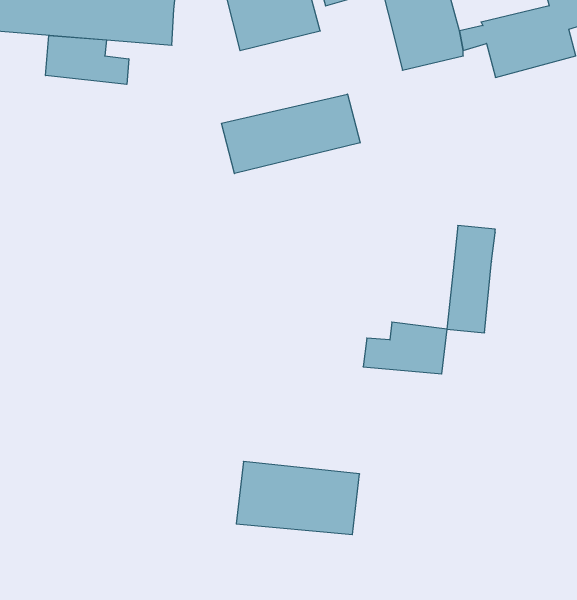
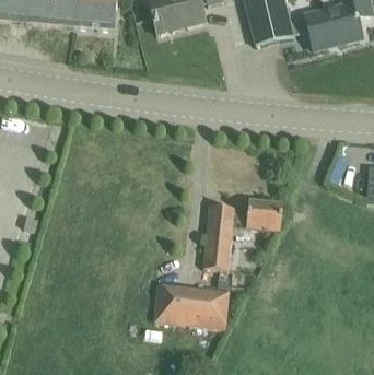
building: [46,36,129,84] -> none
building: [222,94,360,174] -> none
building: [447,226,495,333] -> [204,203,234,269]

